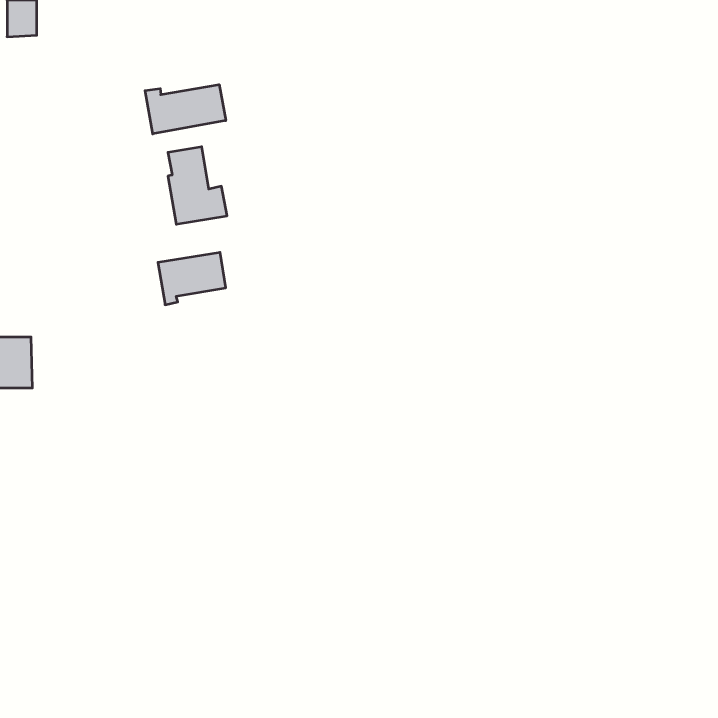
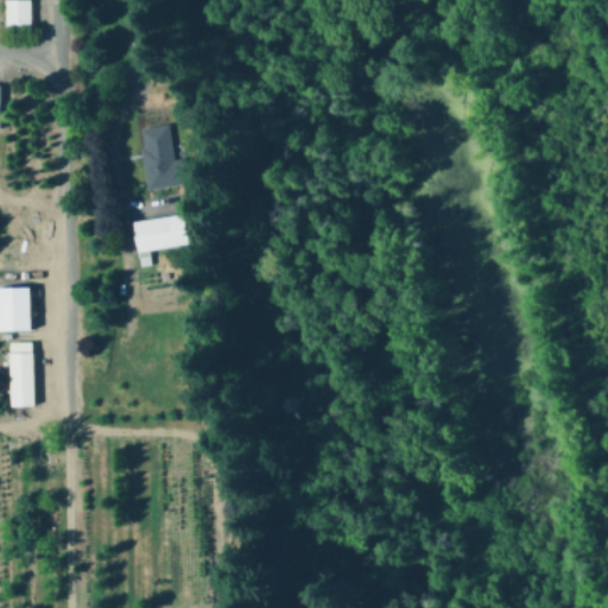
building: [145,85,226,134] -> none
building: none -> [11,344,32,406]

